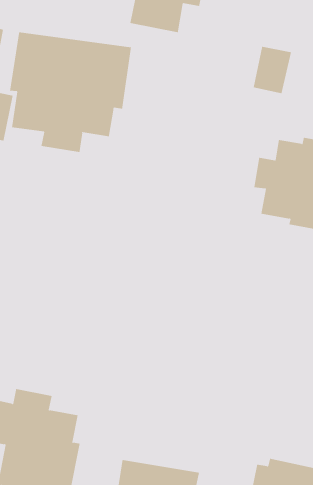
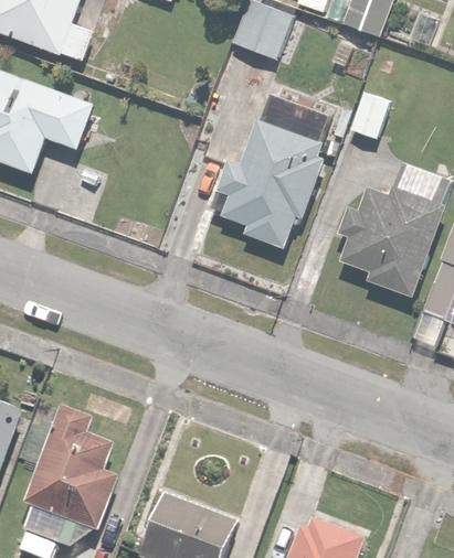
building: [10,31,132,153] -> none
building: none -> [214,94,330,250]

